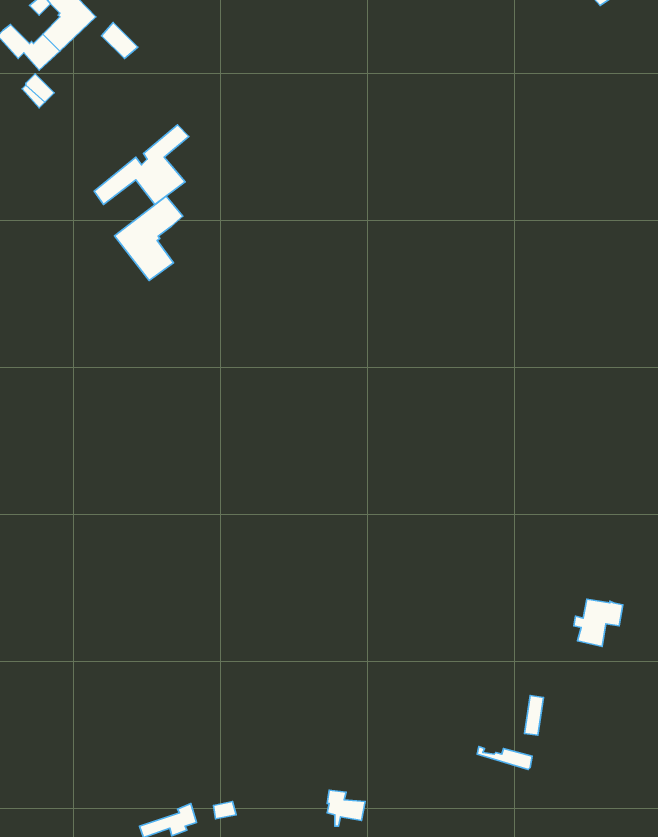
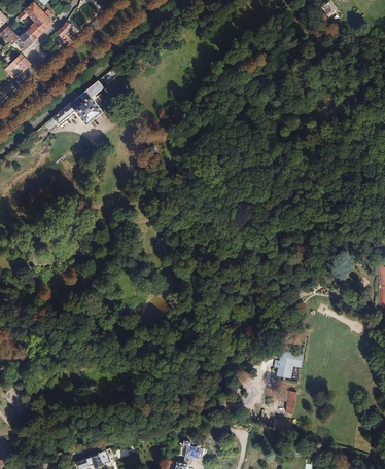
building: [115,196,183,280] -> none
building: [574,599,623,647] -> [275,352,302,377]

